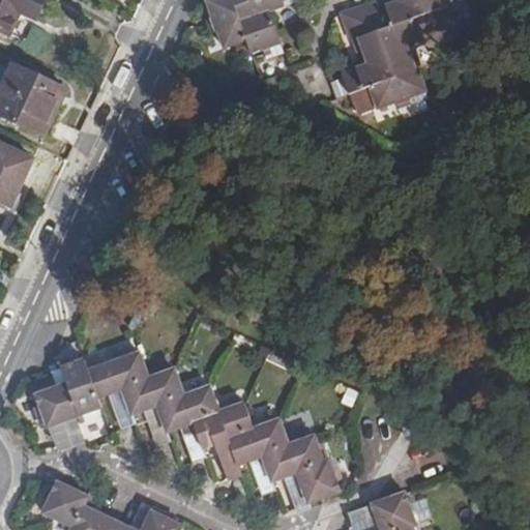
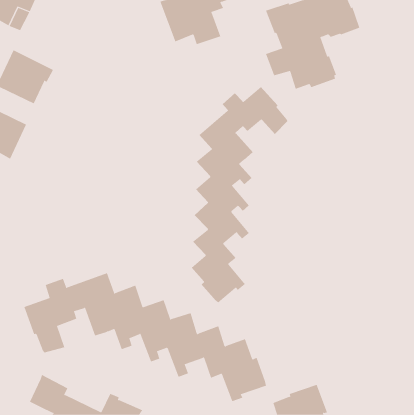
building: none -> [191,86,288,304]

